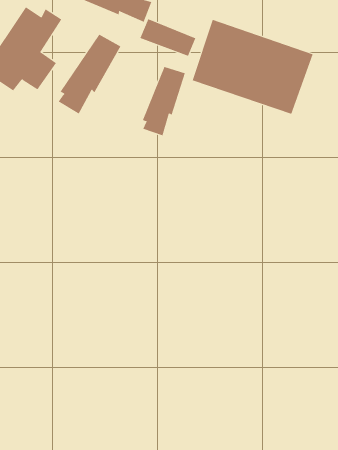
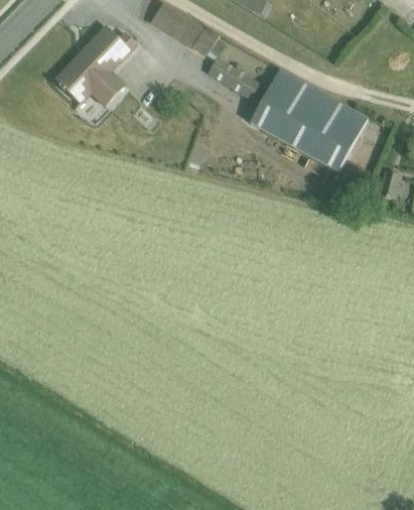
building: [58,34,121,114] -> none
building: [142,66,185,136] -> none

